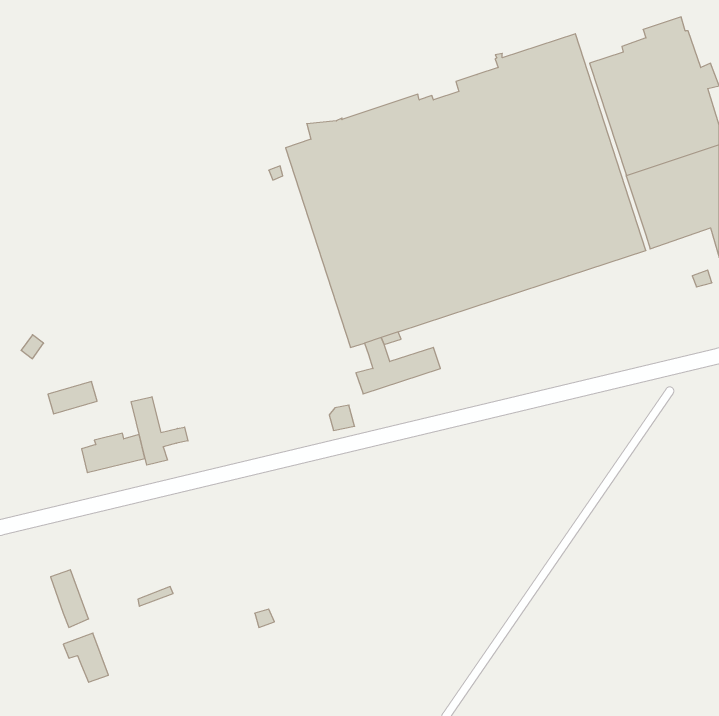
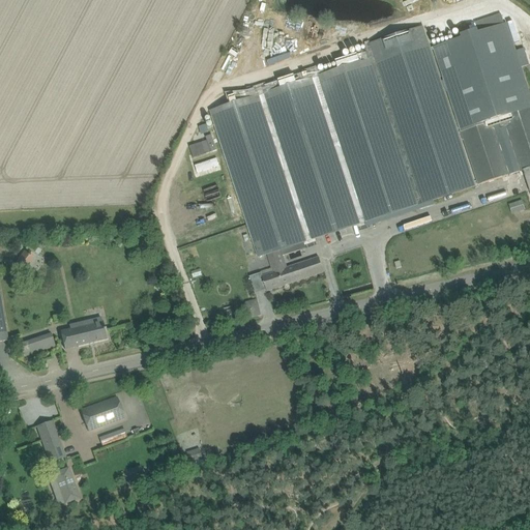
building: [48,382,97,414] -> [19,331,55,355]
building: [131,397,188,465] -> none
building: none -> [81,395,124,430]

